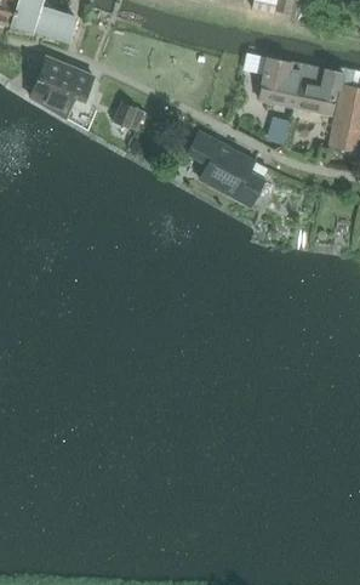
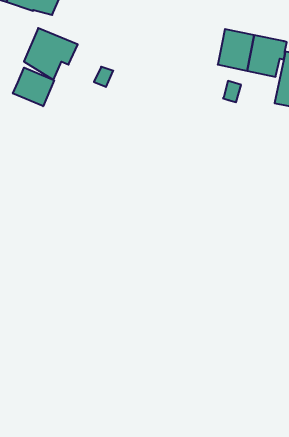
building: none -> [13,68,54,106]
building: [187,130,267,206] -> none

